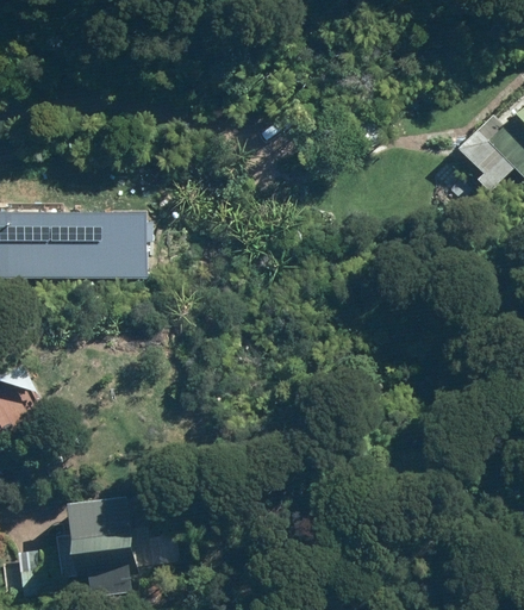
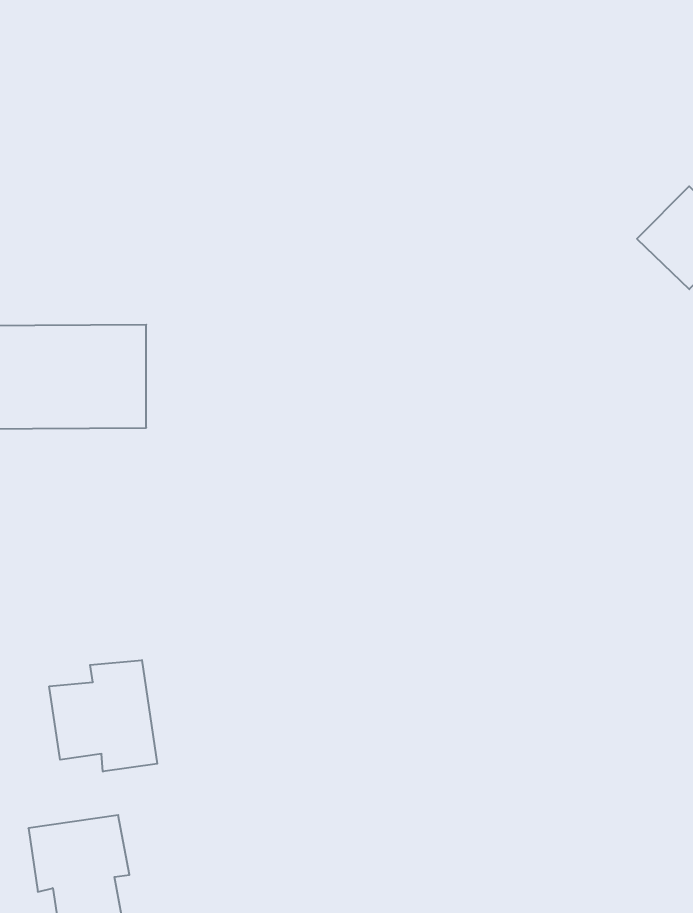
building: none -> [49,660,157,772]

